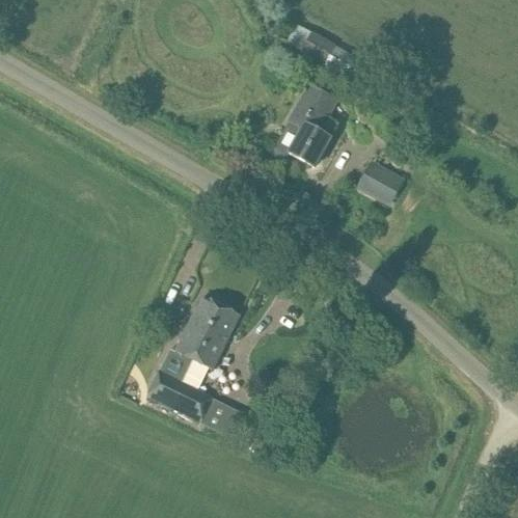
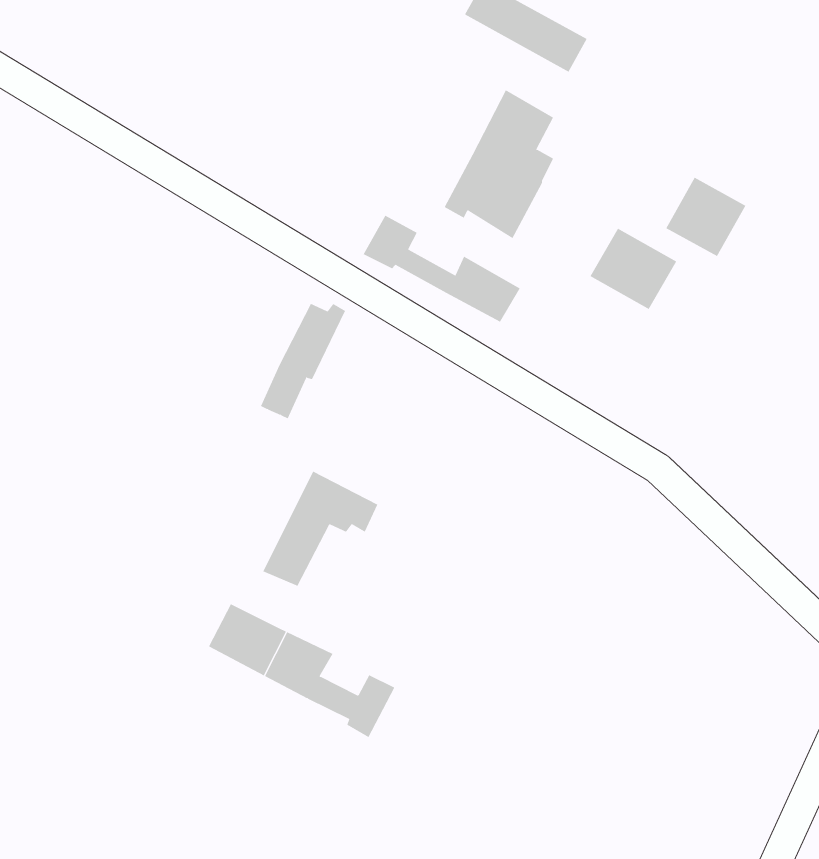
building: none -> [666,177,746,257]
building: none -> [363,215,521,323]
building: [184,325,231,389] -> [260,303,346,419]

